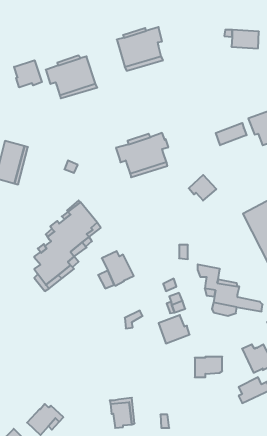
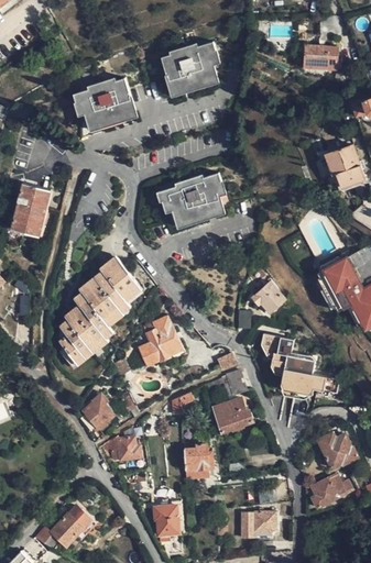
building: [14,60,42,87] -> none
building: [216,123,247,145] -> none
building: [189,175,216,201] -> [252,282,286,313]
building: none -> [83,394,114,429]
building: none -> [103,437,141,461]
building: none -> [185,441,209,471]
building: [195,357,222,377] -> [241,512,275,538]

